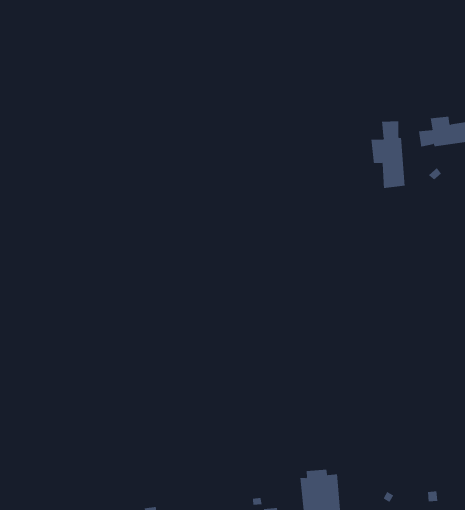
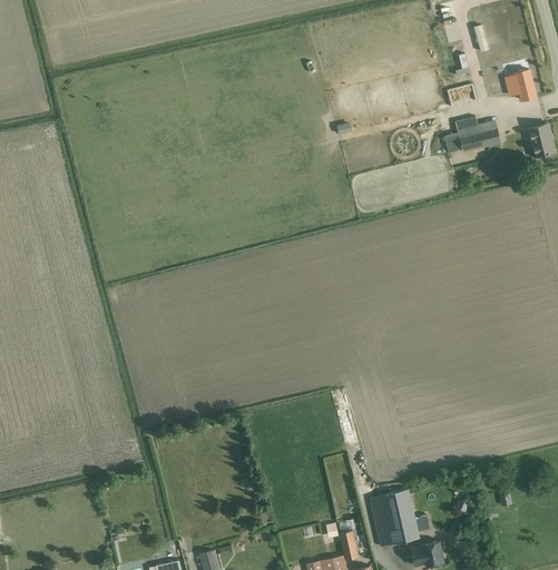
building: [371,120,405,189] -> none

